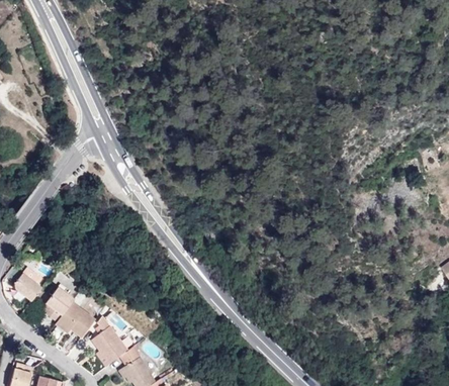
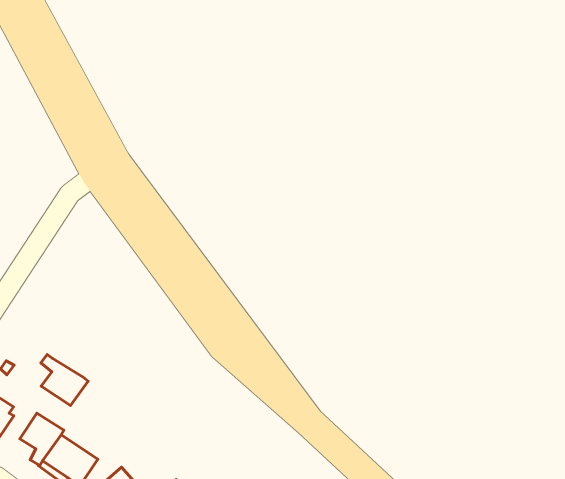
building: none -> [41,354,88,406]

